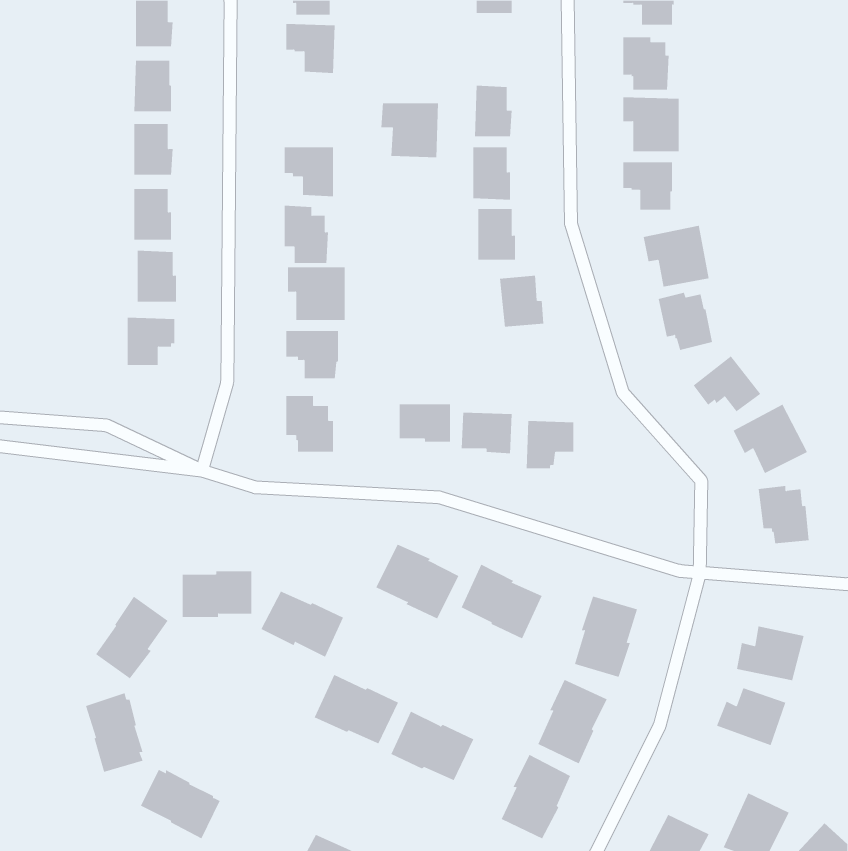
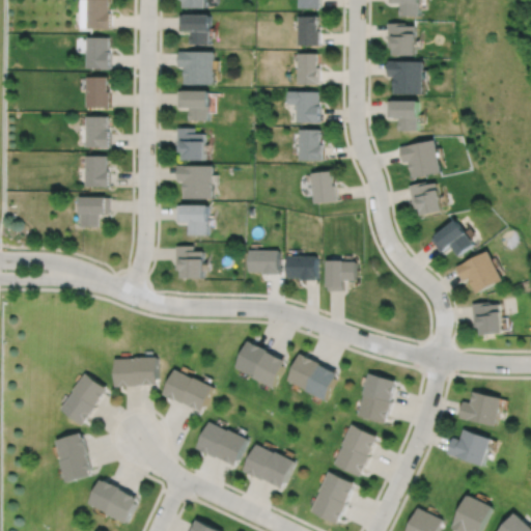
building: none -> [296,18,318,47]
building: [381,103,439,158] -> [176,53,213,87]

